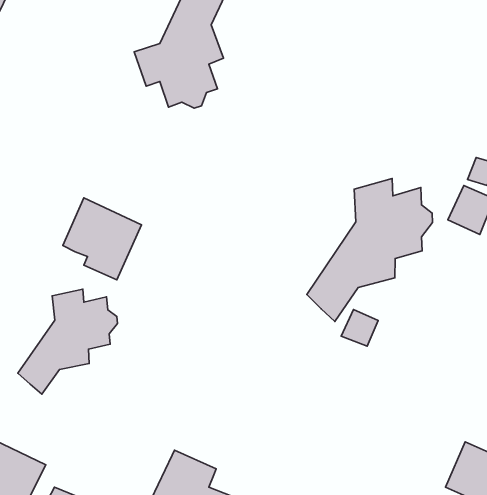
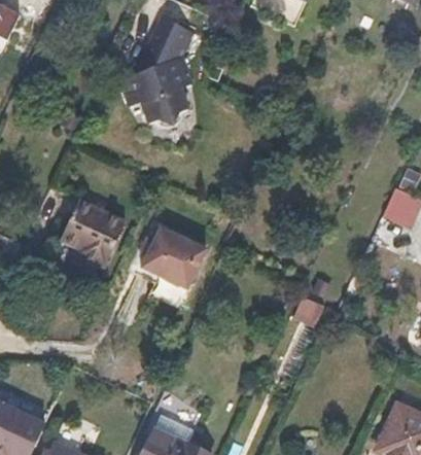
building: [307,179,432,322] -> none
building: none -> [141,227,207,289]
building: [18,289,118,394] -> none

